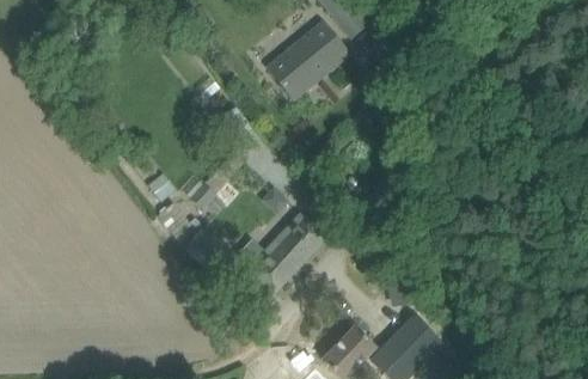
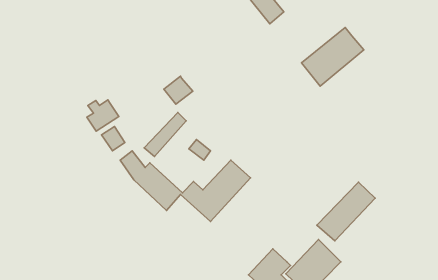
building: [267,22,347,97] -> [301,27,364,86]
building: none -> [87,100,119,131]
building: none -> [317,182,375,241]

